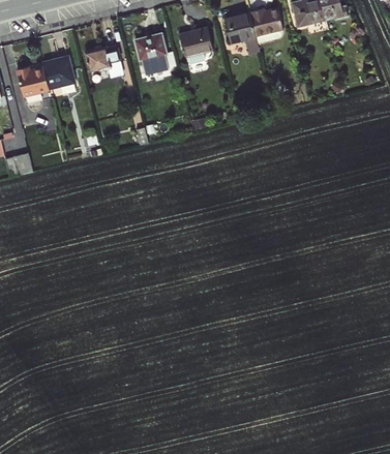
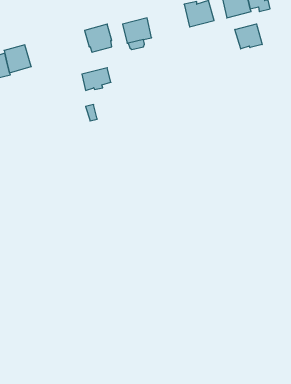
building: [223,11,254,43] -> none
building: none -> [235,24,262,49]
building: [86,46,119,71] -> [82,68,111,90]

